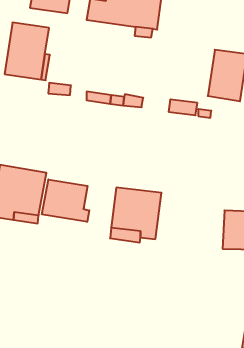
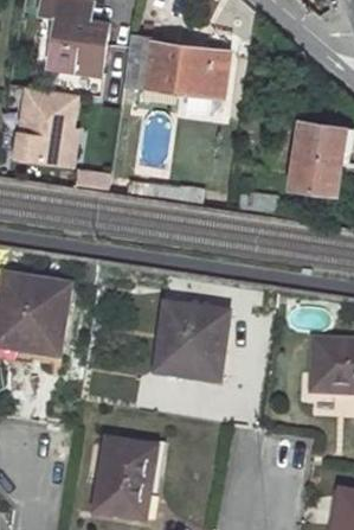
building: [42,179,89,222] -> none
building: none -> [96,440,159,519]

